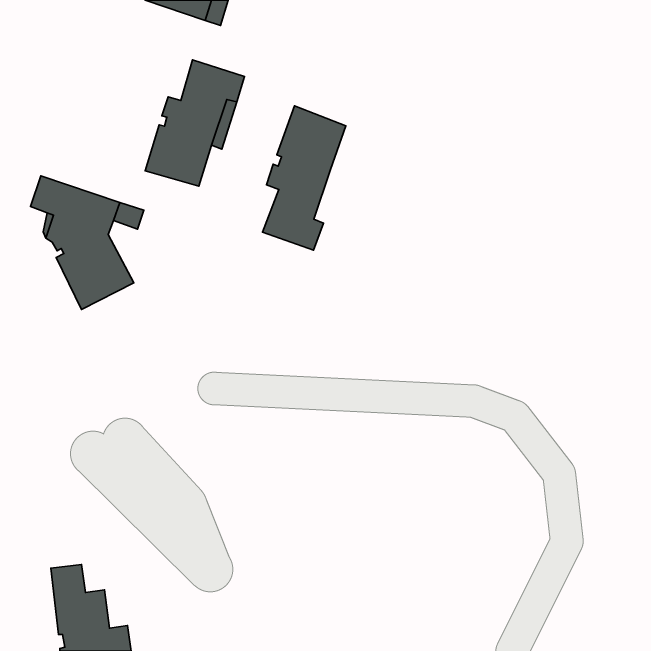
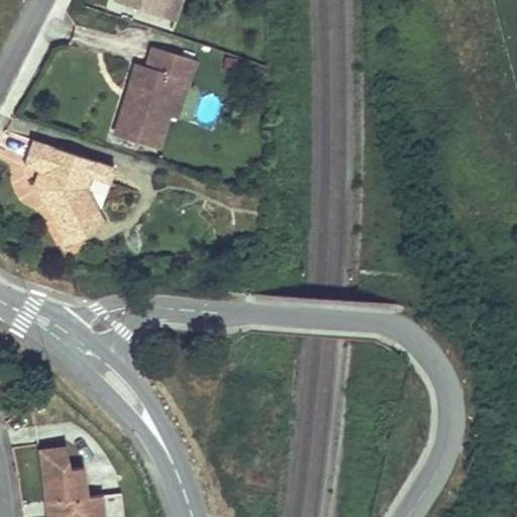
building: [262,106,346,250] -> none

